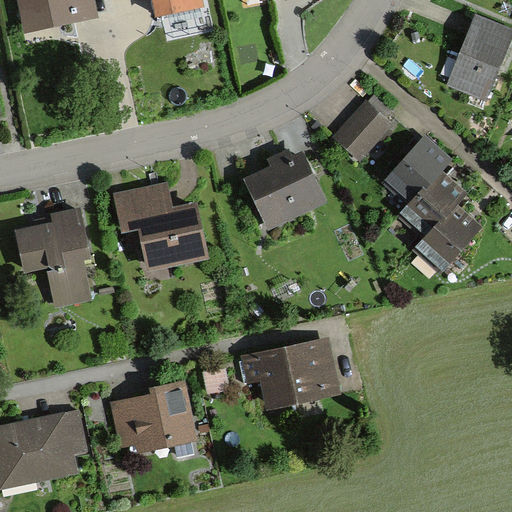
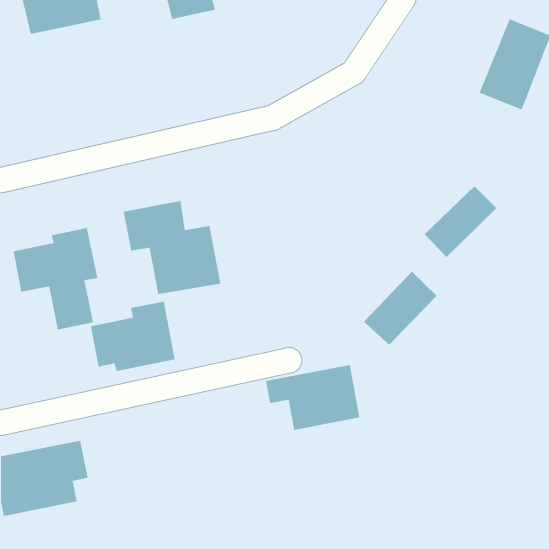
building: [331,104,388,163] -> none
building: [377,137,447,206] -> none
building: [243,156,321,230] -> none
building: [412,203,481,272] -> [363,271,438,345]
building: [118,376,197,441] -> [90,301,175,371]

